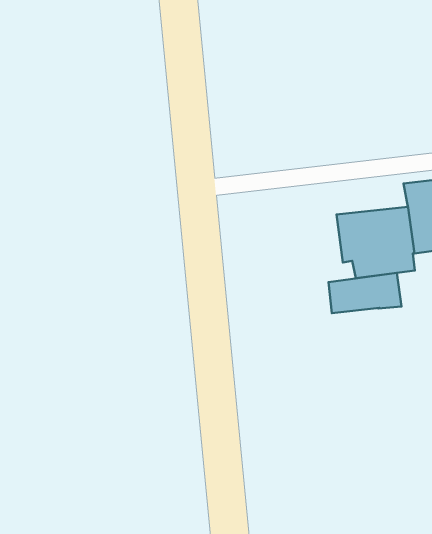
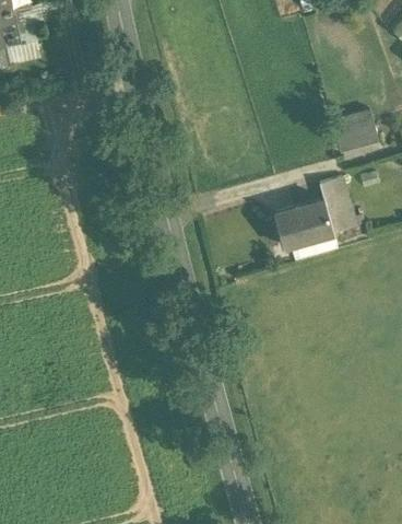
building: [329,273,401,313] -> none

